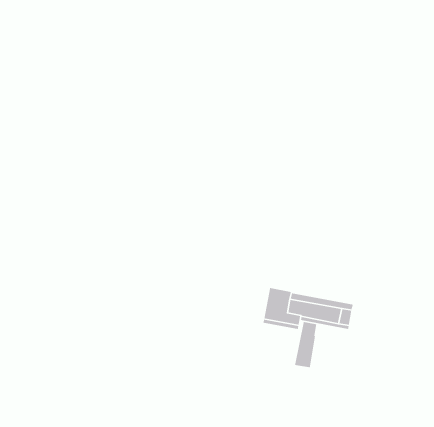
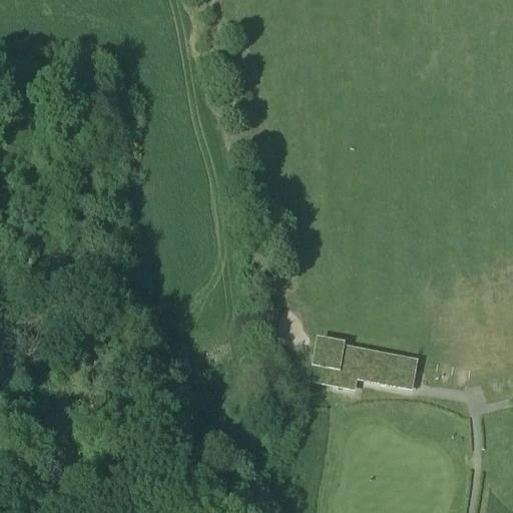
building: [294,321,317,368] -> none

